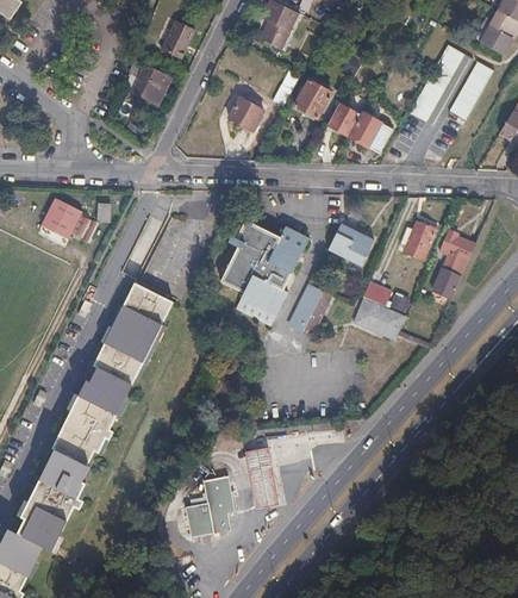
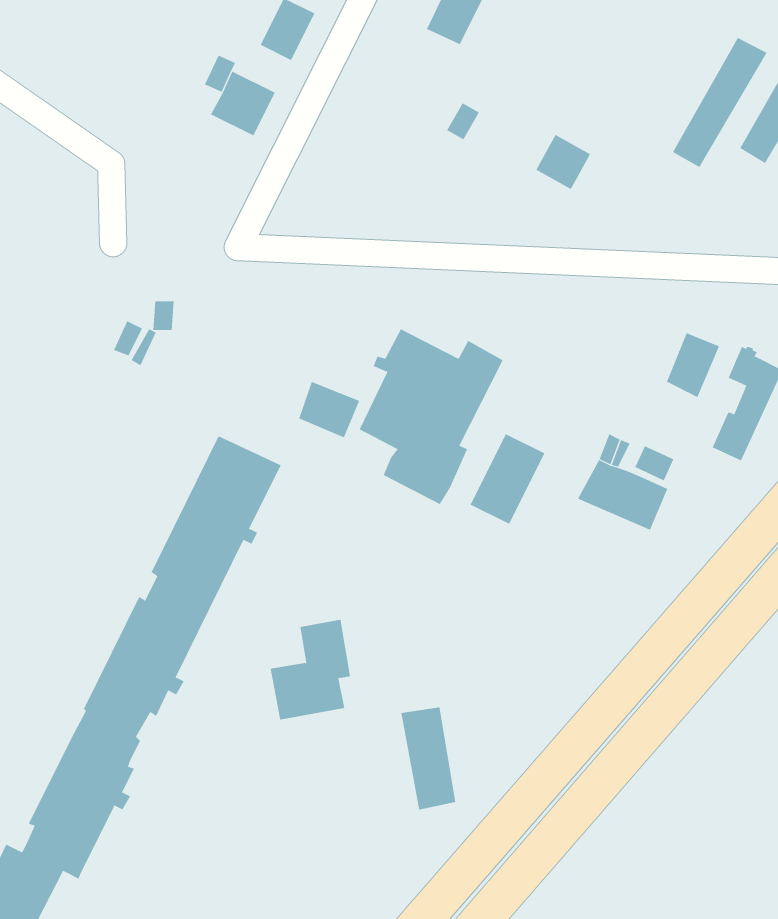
building: [292,79,331,118] -> none
building: [226,96,262,132] -> none
building: [348,112,391,152] -> none
building: [36,195,80,243] -> none
building: [326,224,373,264] -> none
building: none -> [299,381,360,438]
building: [185,475,233,536] -> [270,619,351,720]

